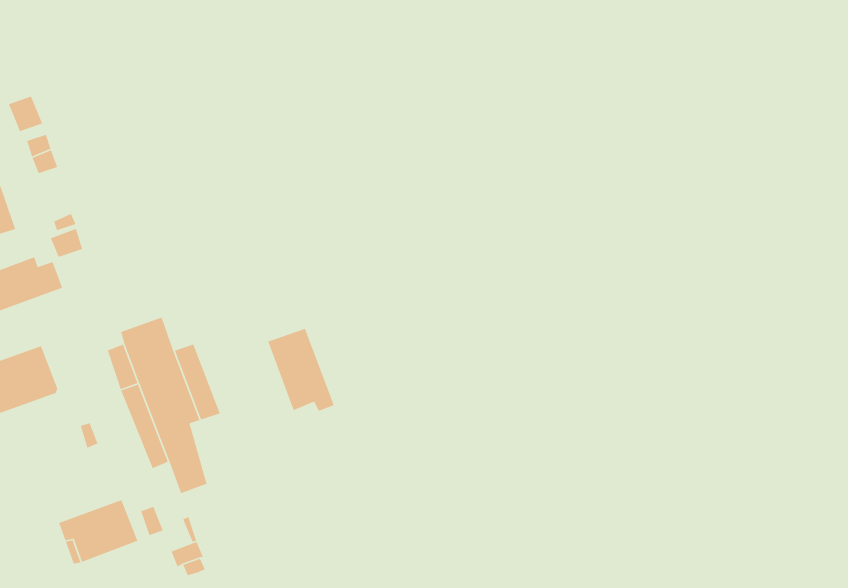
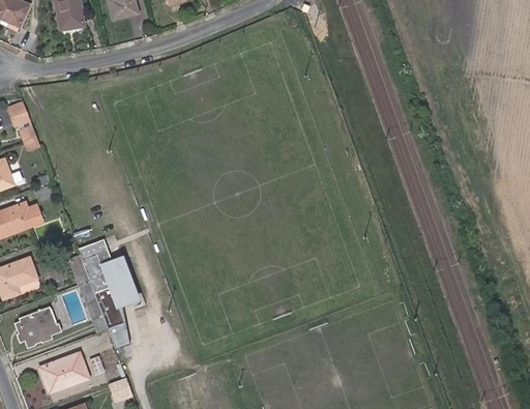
building: [267,328,335,412] -> none
building: none -> [14,305,61,347]

